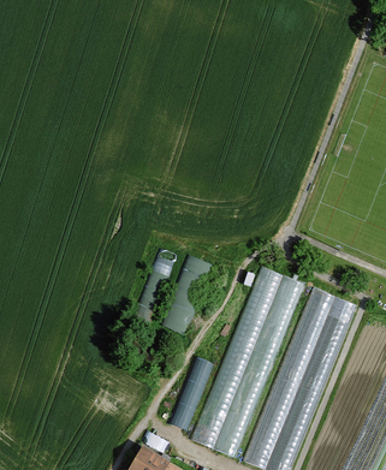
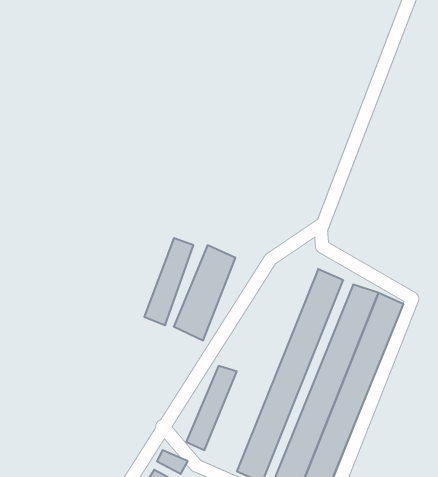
building: [191,267,283,448] -> none

